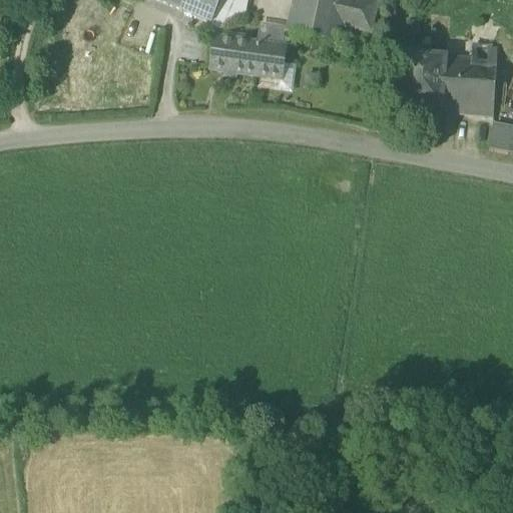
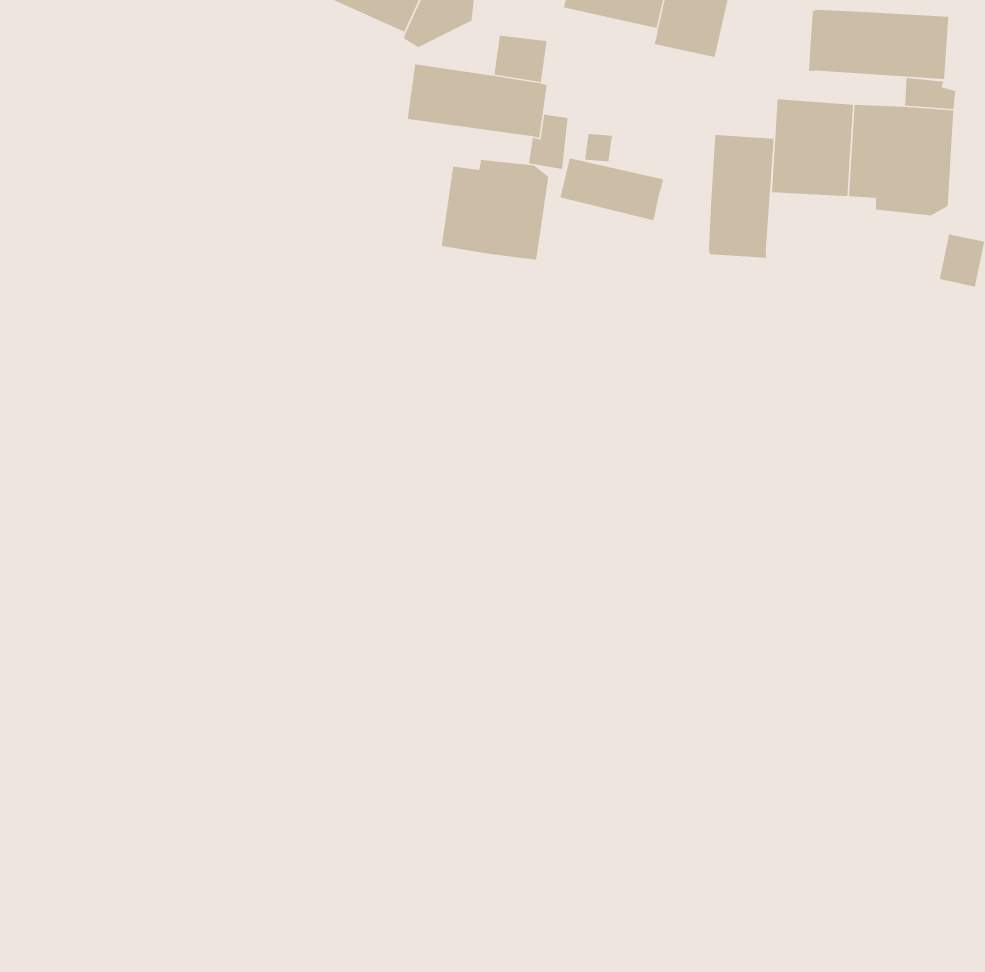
building: [288,4,342,37] -> [560,157,664,221]
building: none -> [808,9,949,80]
building: none -> [708,134,774,258]
building: none -> [441,159,549,261]

